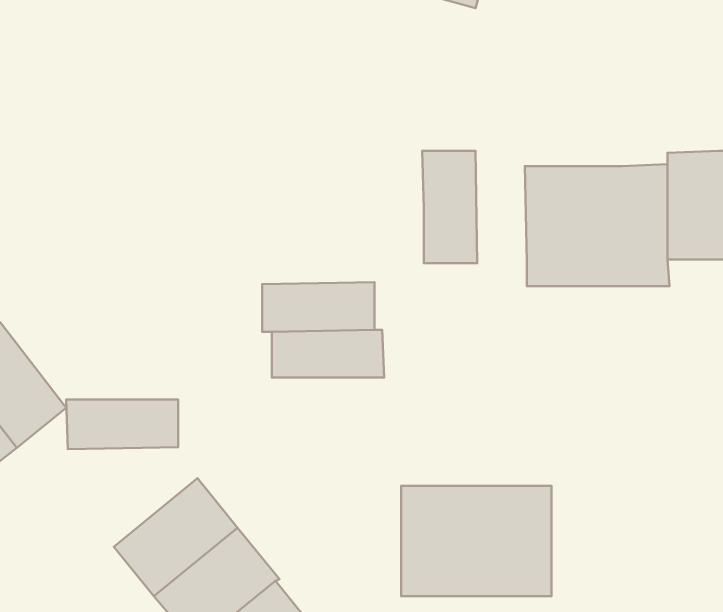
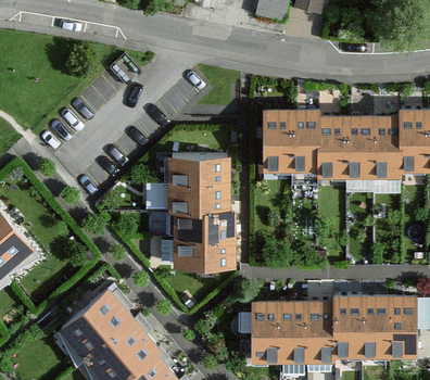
building: none -> [280,107,309,173]
building: none -> [157,155,223,185]
building: [66,400,178,449] -> [164,238,228,266]
building: none -> [324,296,410,363]

